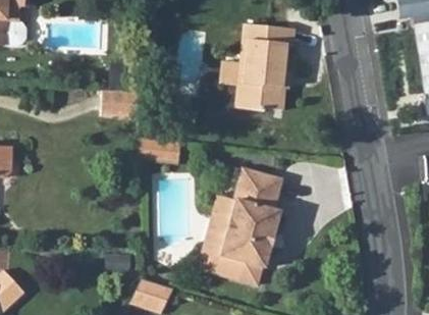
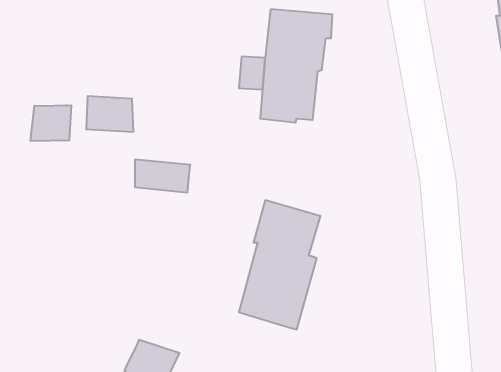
building: none -> [31,105,71,141]
building: [198,198,261,286] -> none

